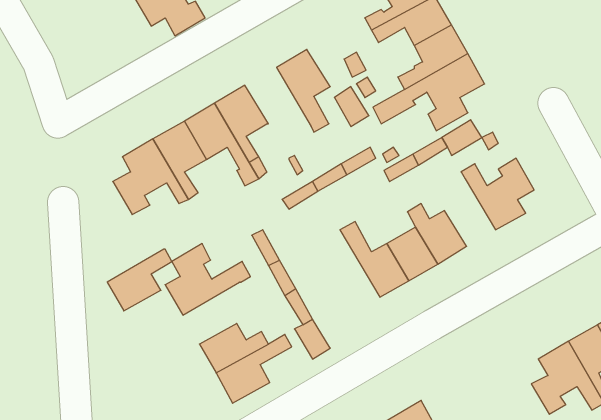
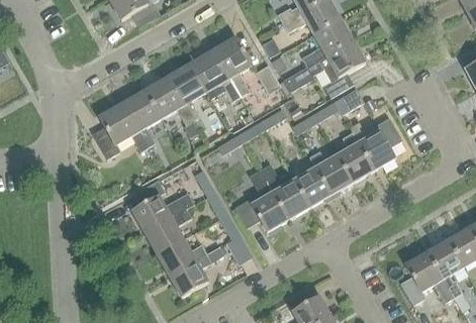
building: none -> [189,50,240,103]
building: none -> [336,132,373,182]
building: none -> [233,170,288,231]
building: [107,249,172,311] -> [144,208,191,253]

